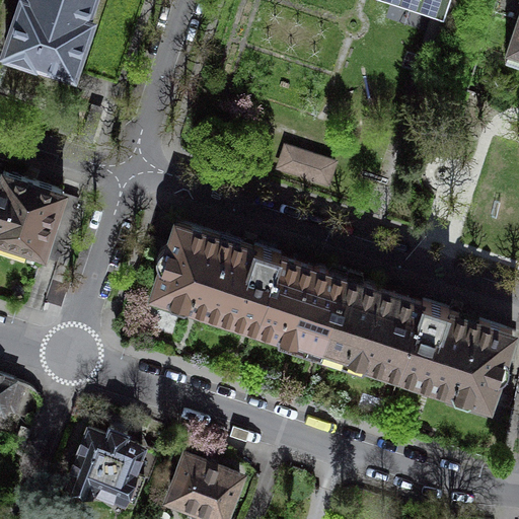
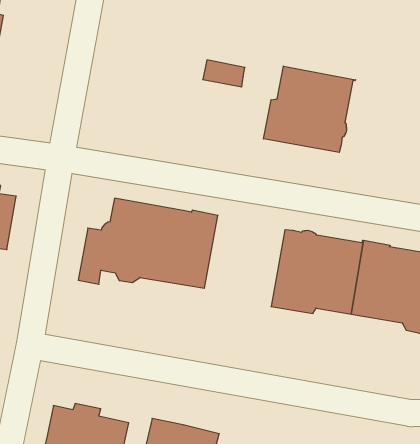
building: none -> [264,66,356,152]
building: [280,151,324,183] -> [203,60,245,87]
building: [255,256,346,357] -> none

